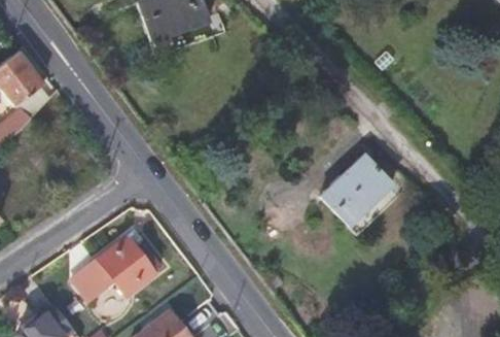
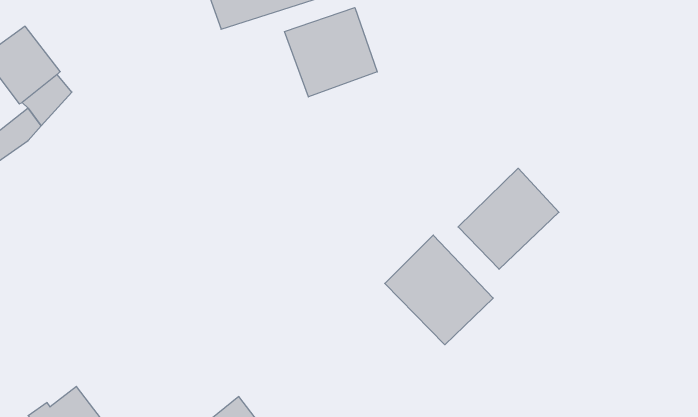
building: none -> [285,8,377,97]
building: none -> [385,235,493,345]
building: [72,237,160,300] -> none

